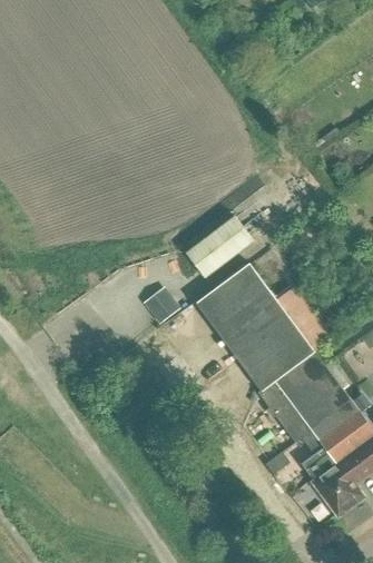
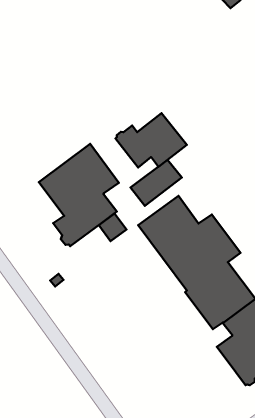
building: none -> [116,113,187,167]
building: none -> [39,144,119,246]

